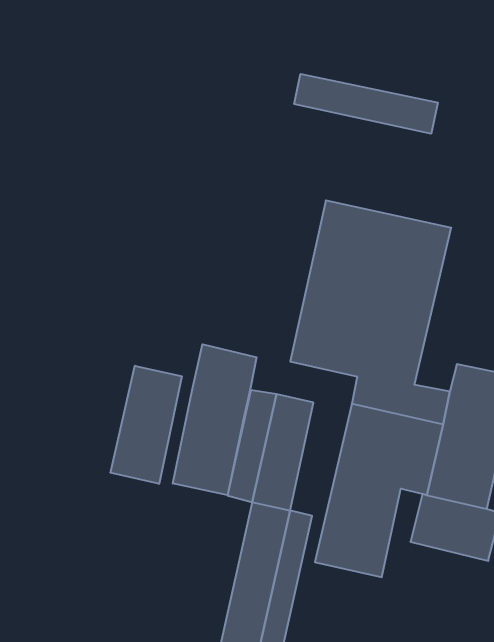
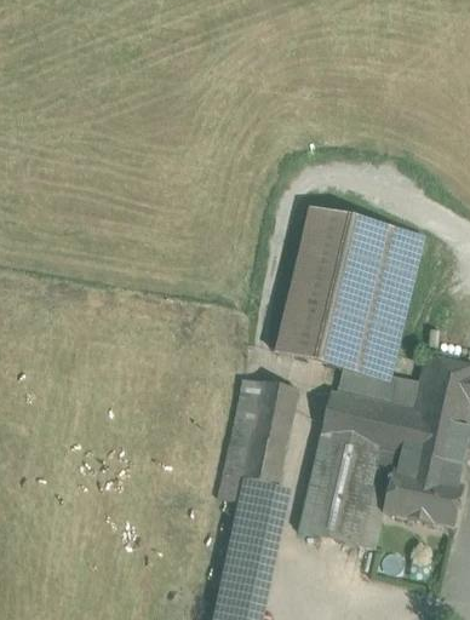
building: [294,74,438,134] -> none
building: [173,344,257,495] -> none
building: [110,366,182,484] -> none

